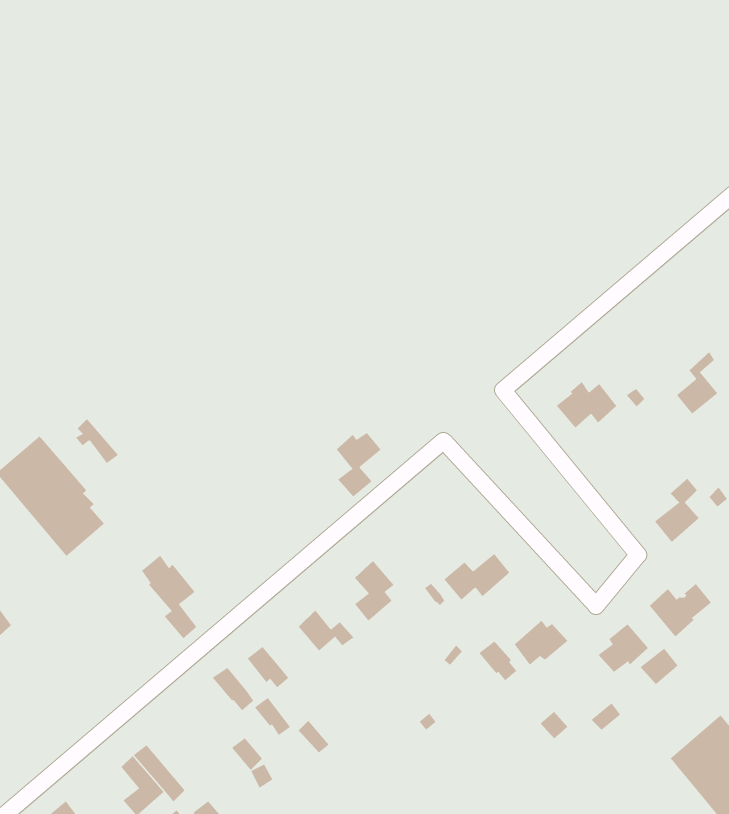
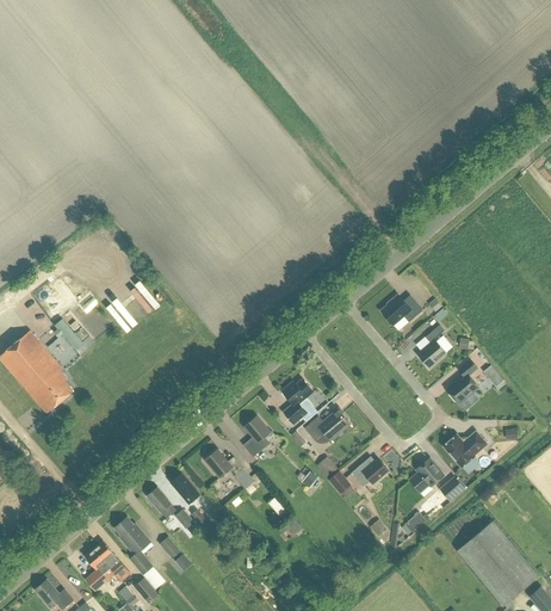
building: [676,351,718,414] -> [417,325,446,368]
building: [336,432,381,497] -> [281,379,312,424]
building: [141,555,197,639] -> [114,517,153,574]

